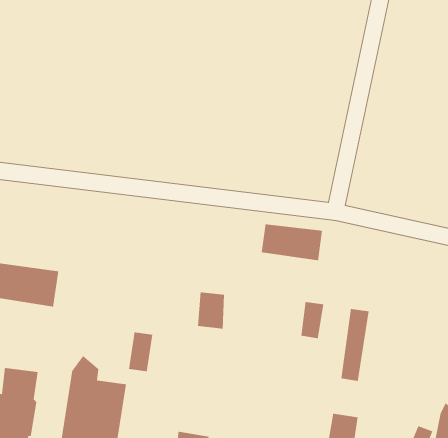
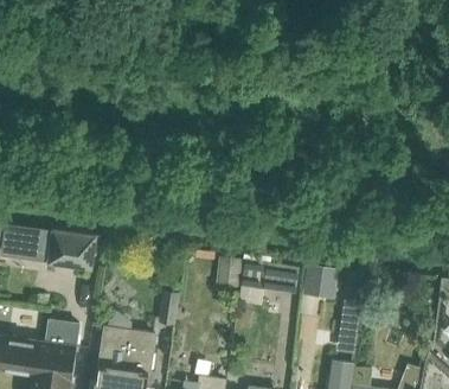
building: [261,224,323,261] -> [246,261,300,293]

